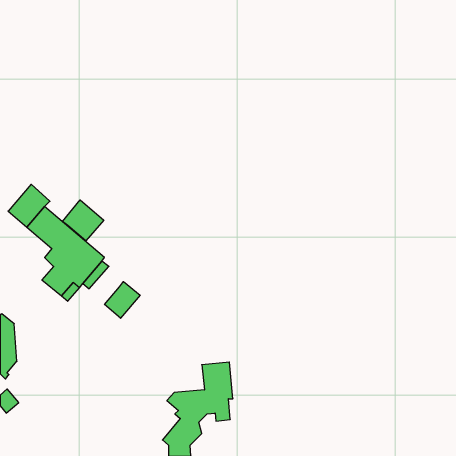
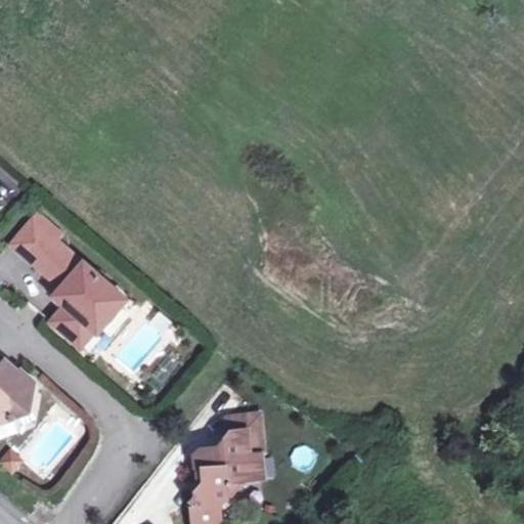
building: [62,200,104,241] -> none
building: [105,282,140,318] -> none

